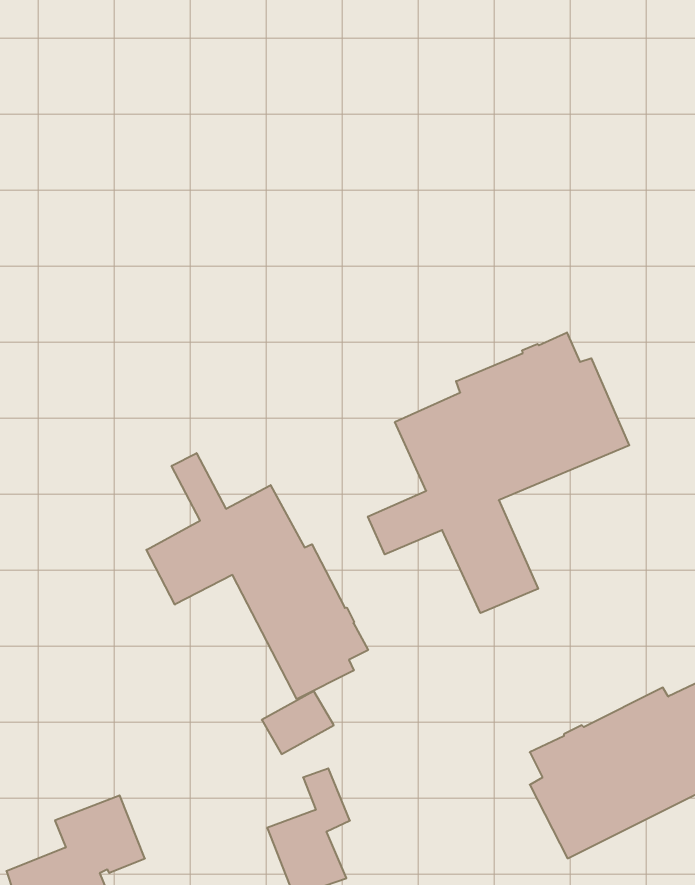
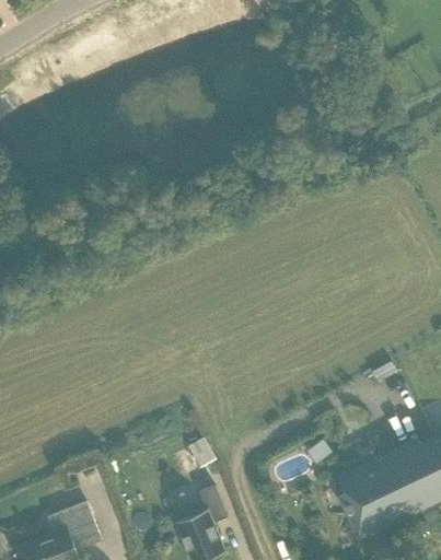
building: [368,332,629,613] -> none
building: [146,453,368,699] -> none

